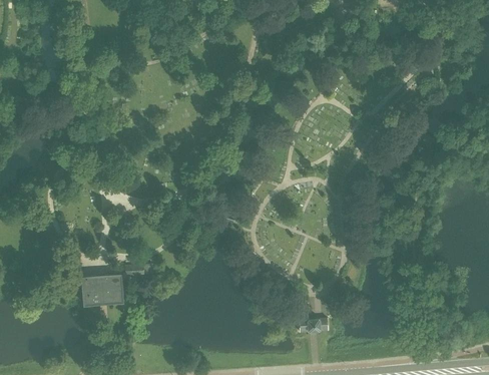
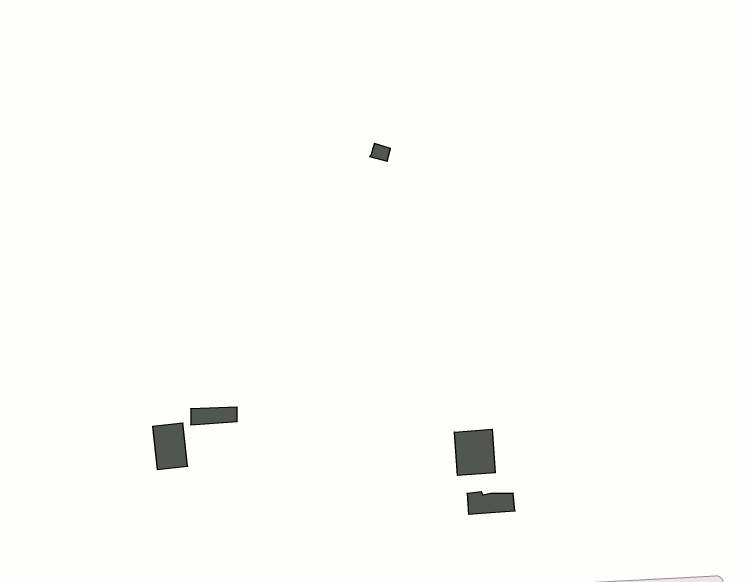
building: [81,277,103,305] -> none
building: none -> [454,429,495,475]

